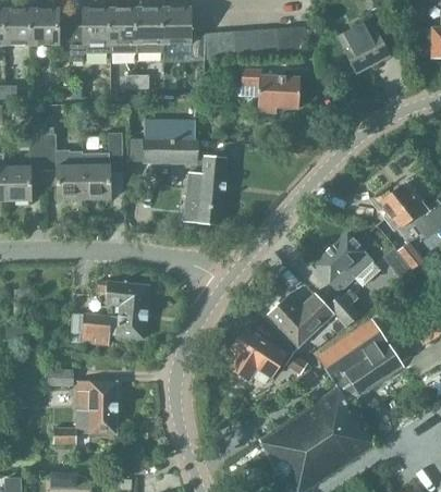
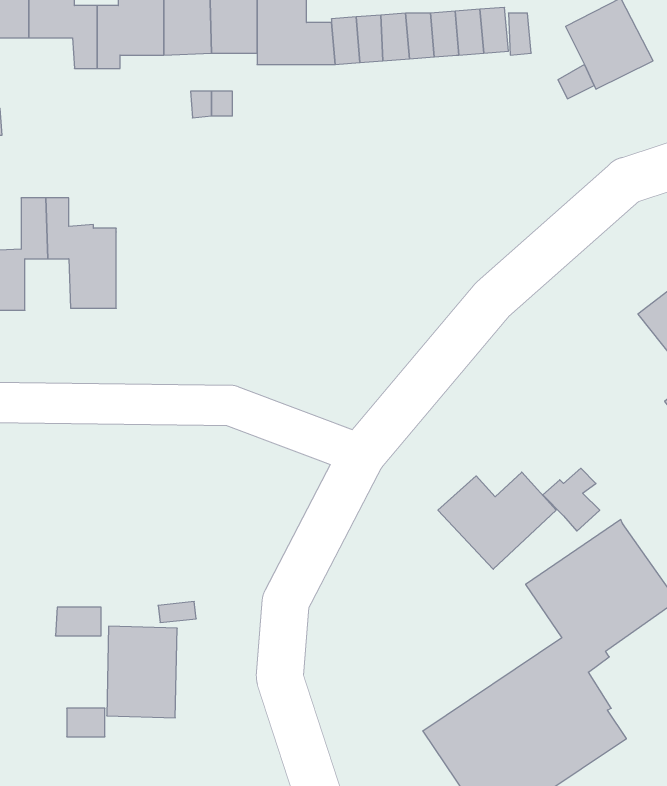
building: [241,70,298,111] -> none
building: [145,120,196,162] -> none
building: [83,133,122,198] -> none
building: [184,155,226,224] -> none
building: [313,232,380,292] -> none
building: [71,280,150,344] -> none
building: [228,325,287,380] -> none

